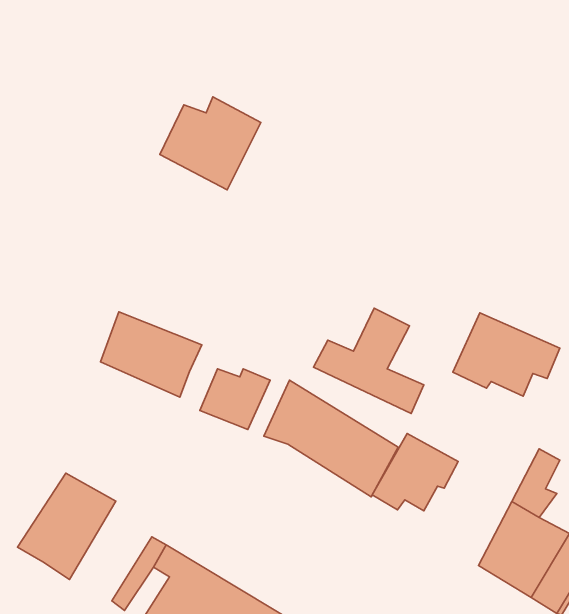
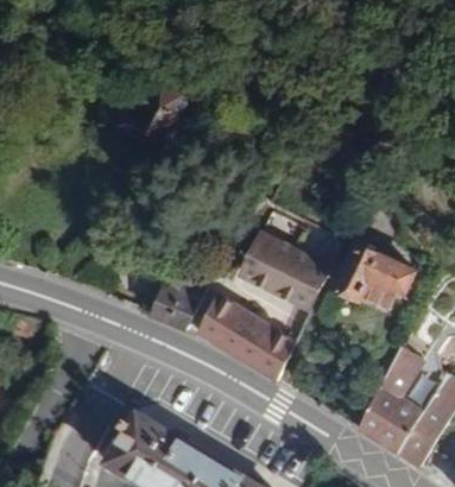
building: [101,312,202,397] -> none
building: [372,433,458,511] -> none
building: [18,473,116,580] -> none

